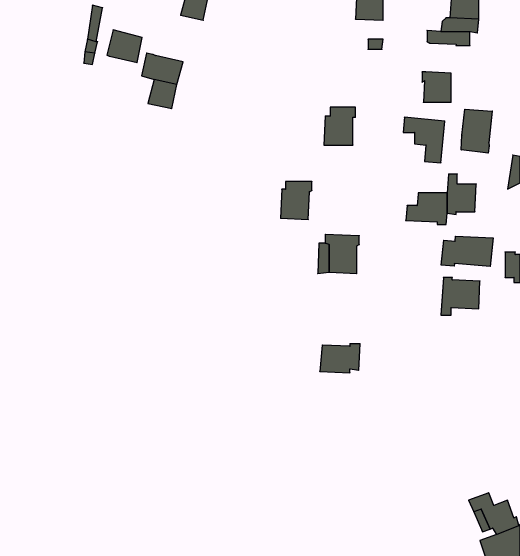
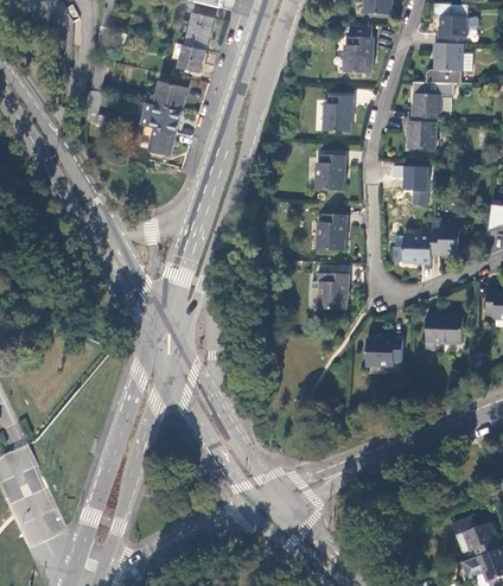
building: [107,30,142,63] -> [154,79,187,110]
building: none -> [412,93,440,121]
building: none -> [324,94,352,129]
building: [461,109,492,153] -> none
building: [281,182,312,219] -> [317,214,346,249]
building: [441,236,493,266] -> none
building: [320,344,360,373] -> [365,337,403,364]

